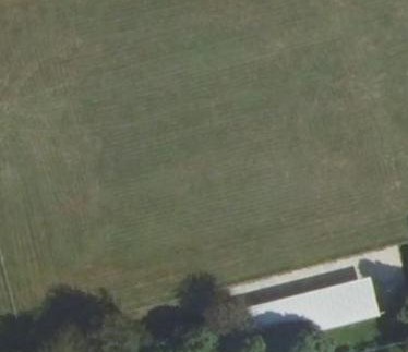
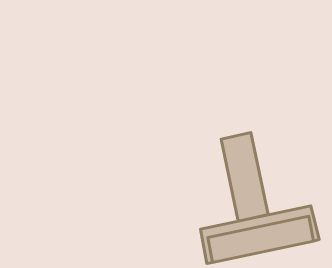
building: none -> [221,133,268,221]

